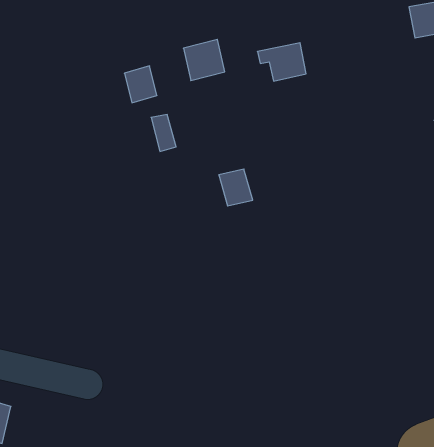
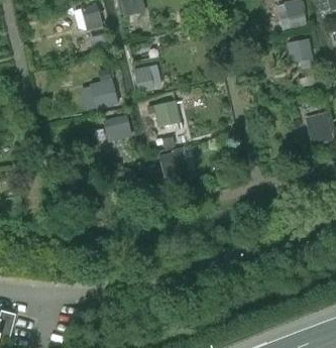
building: [257,43,306,81] -> [146,101,180,127]

